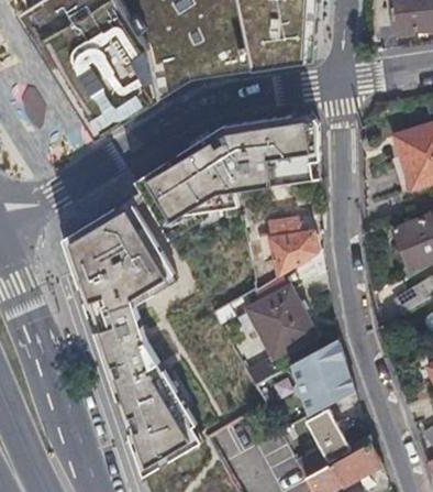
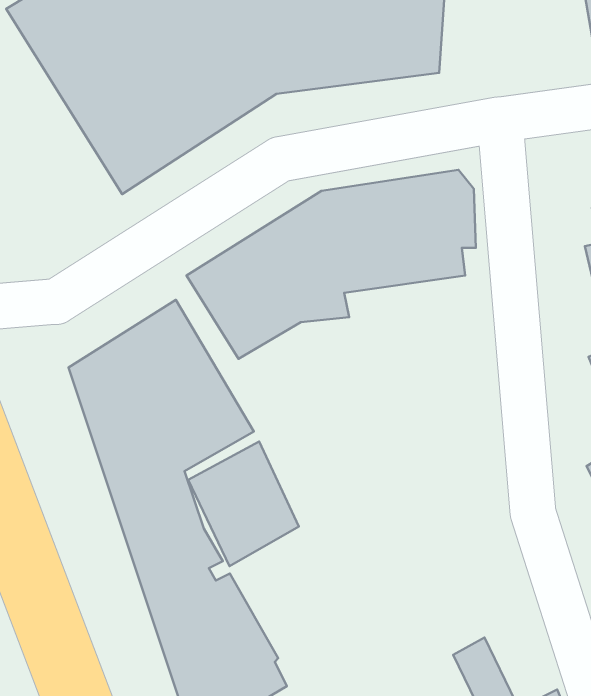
building: [265,217,319,275] -> none
building: [247,286,318,365] -> [188,442,299,566]
building: [292,338,357,415] -> none

